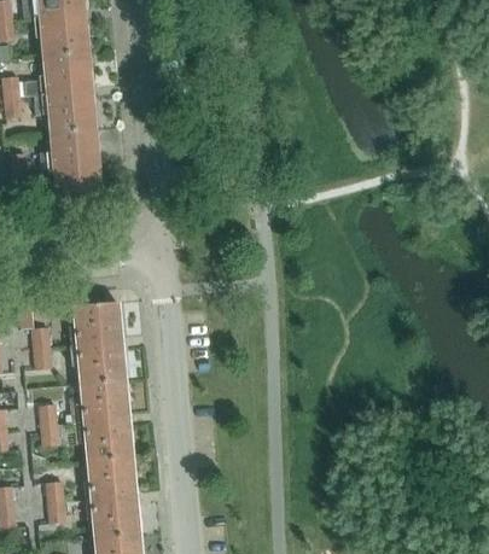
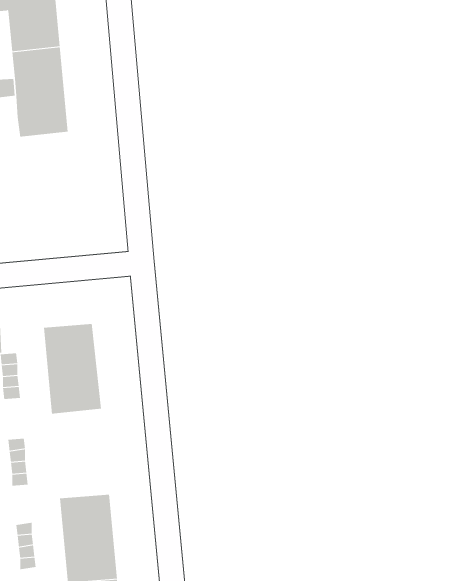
building: [40,128,101,210] -> none
building: [70,379,132,460] -> none

